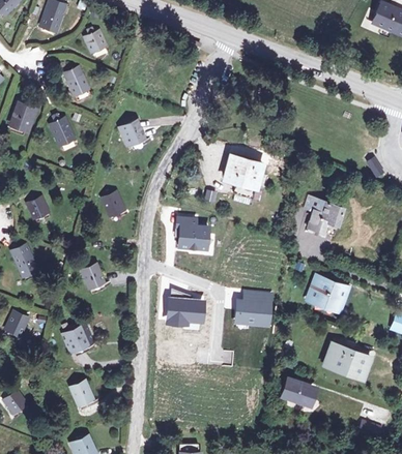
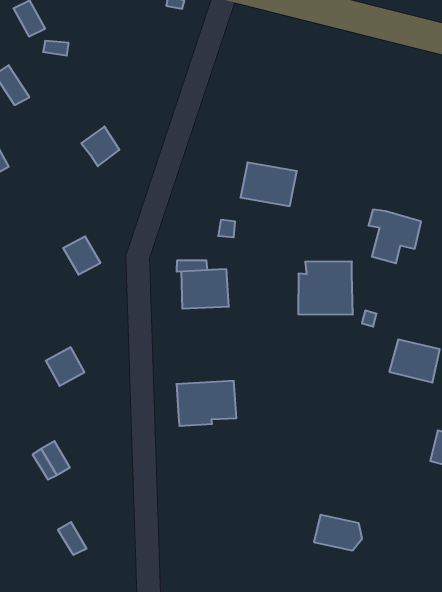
building: [234,289,274,327] -> [298,261,353,314]
building: [281,377,313,403] -> [314,515,362,550]

